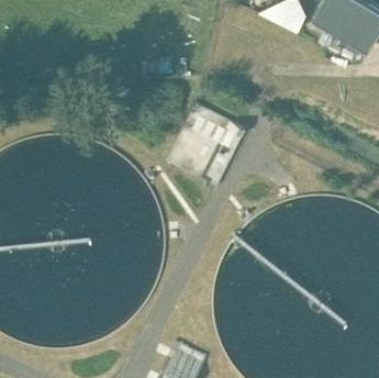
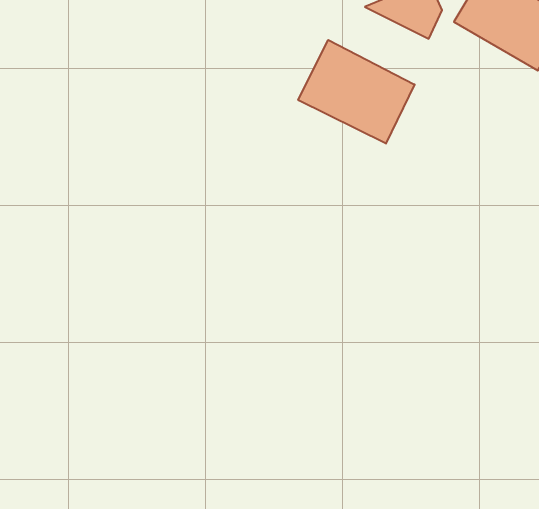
building: none -> [298,40,415,144]

